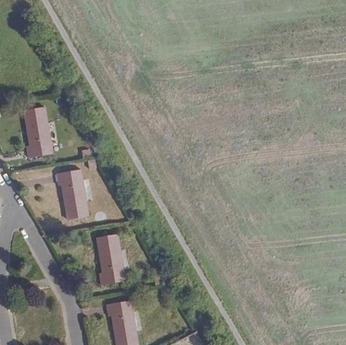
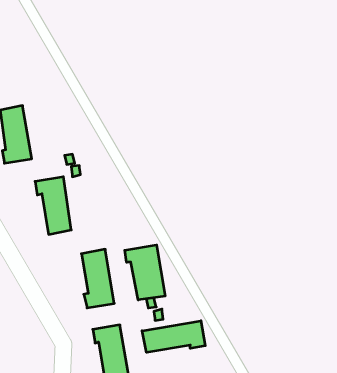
building: none -> [125,245,165,300]
building: none -> [142,321,205,352]

